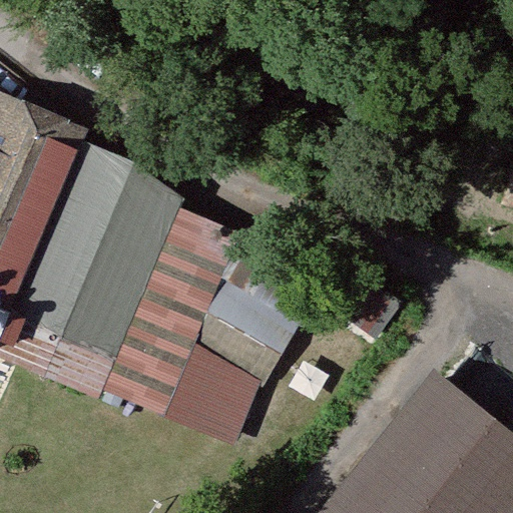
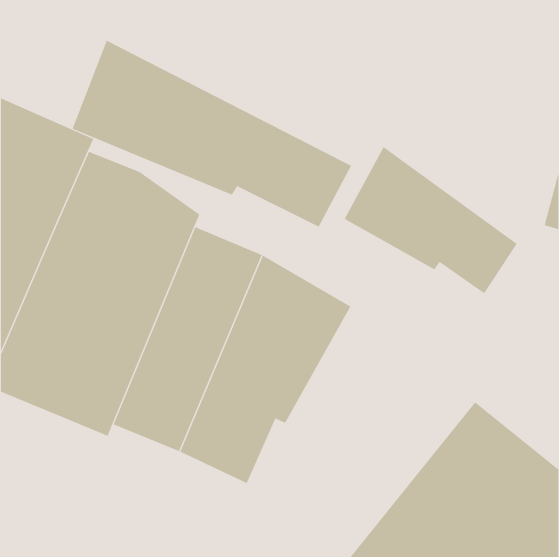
building: none -> [72,40,352,227]
building: none -> [344,146,518,294]

